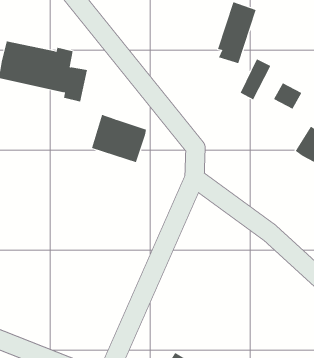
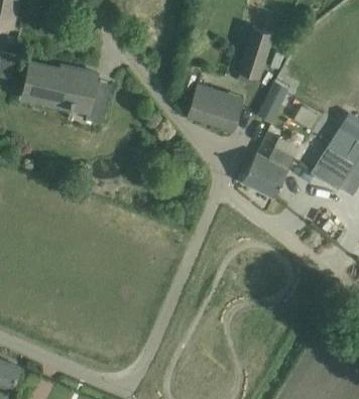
building: [91,114,147,163] -> [188,84,242,131]
building: none -> [241,146,294,198]

